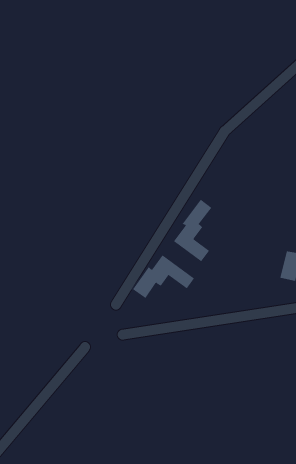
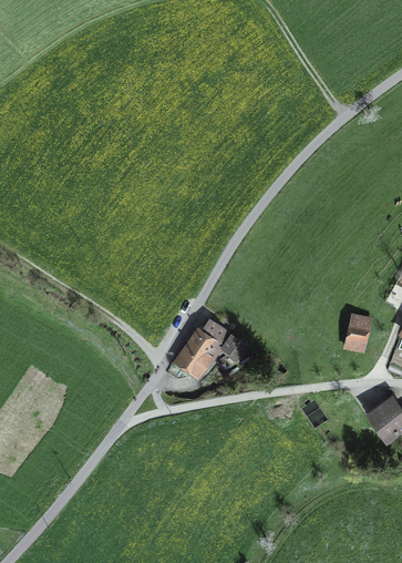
building: [173,199,212,262] -> none

